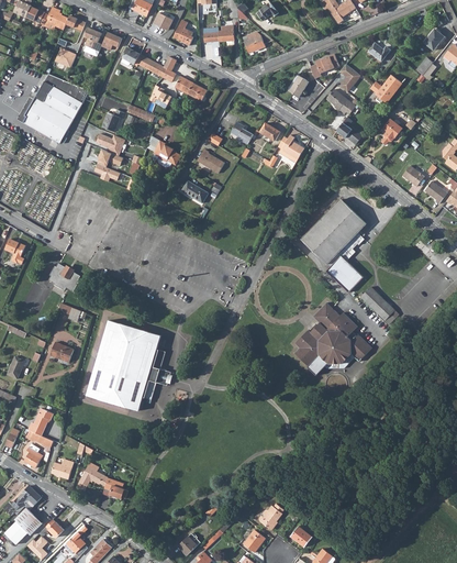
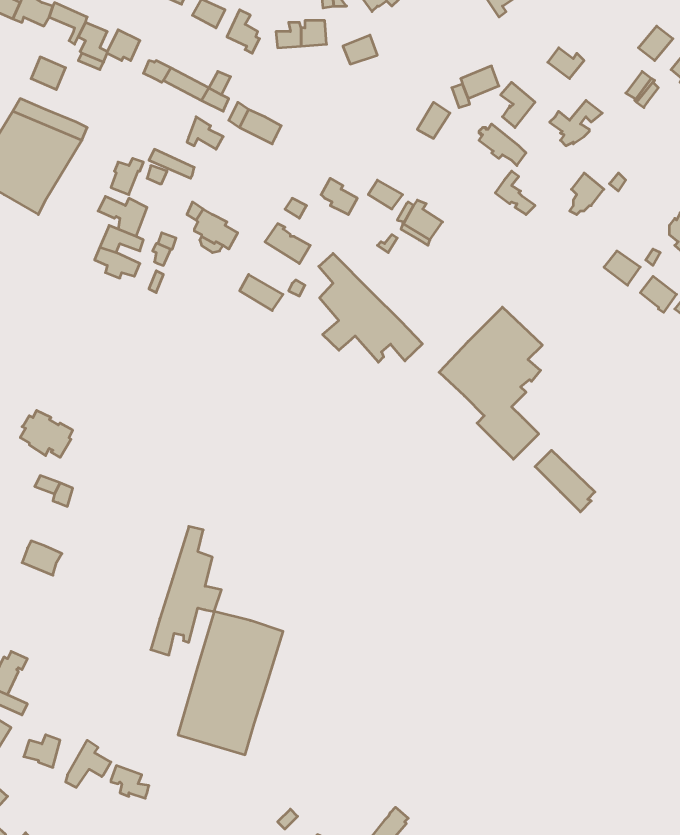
building: none -> [319,253,422,362]
building: [294,302,371,365] -> none
building: [87,321,151,408] -> [178,612,283,755]

